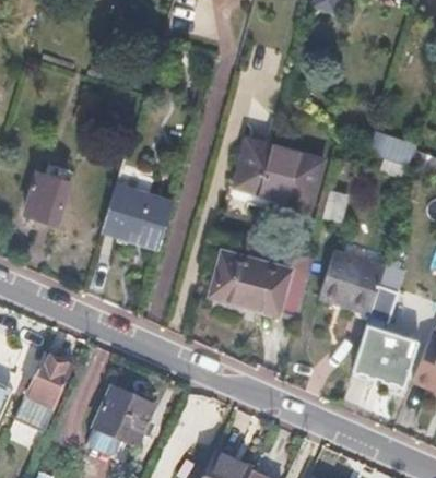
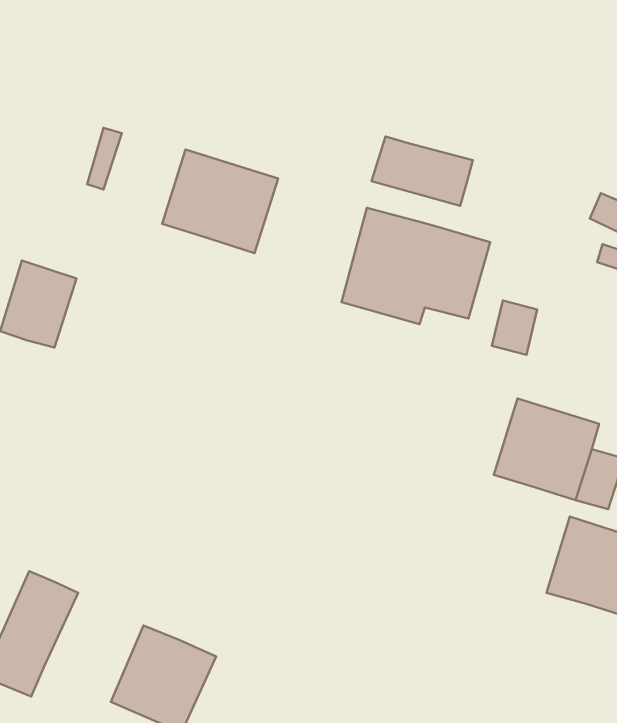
building: none -> [371,136,473,206]
building: [101,184,170,247] -> [162,150,278,253]
building: [207,250,310,318] -> none

